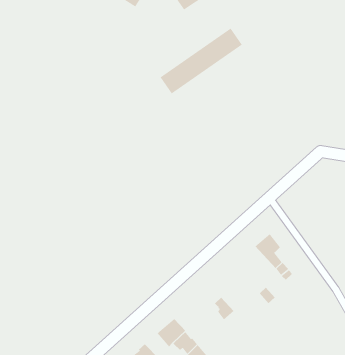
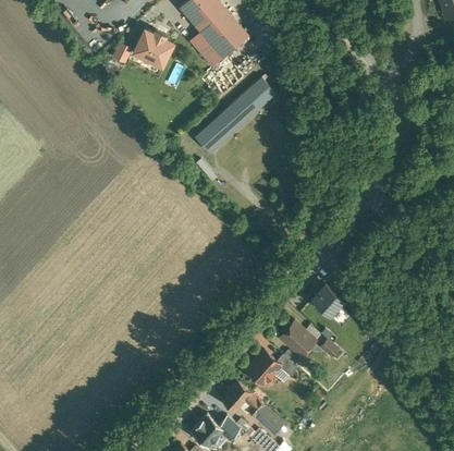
building: none -> [280,321,316,356]
building: none -> [247,351,281,385]

